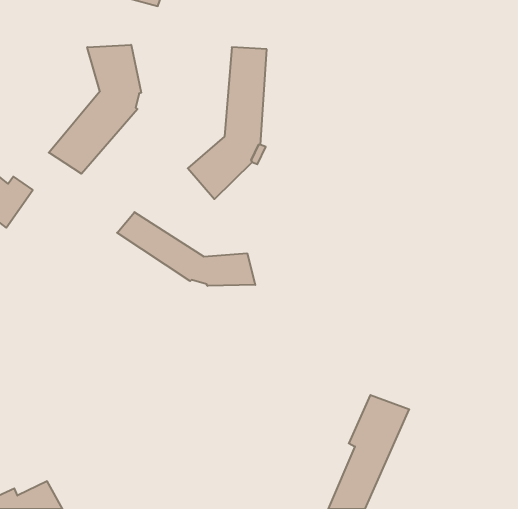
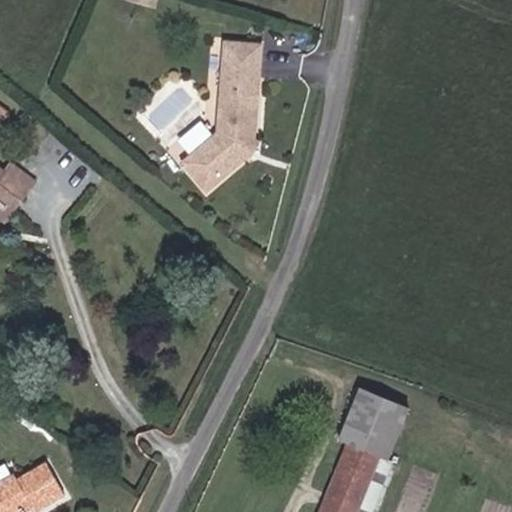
building: [49,45,141,174] -> none
building: [117,212,255,286] -> none

